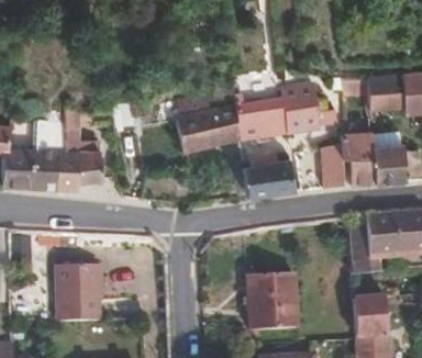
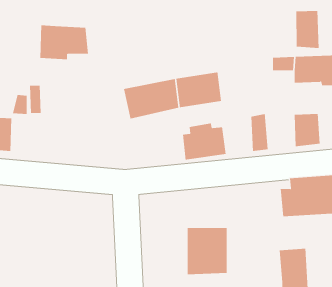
building: none -> [296,10,319,49]
building: [285,81,321,127] -> none
building: [348,132,374,182] -> none
building: [45,147,102,188] -> [40,25,89,60]
building: [57,266,102,323] -> none

